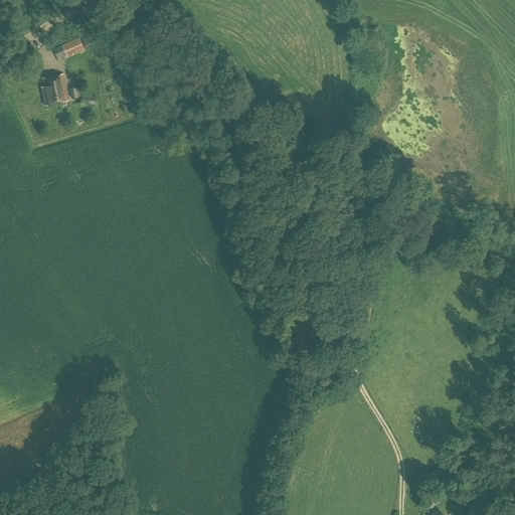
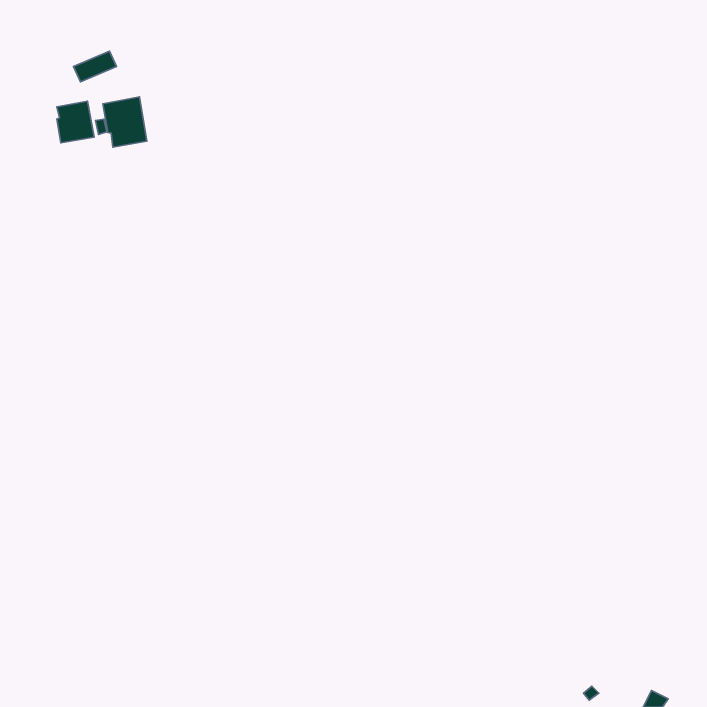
building: none -> [103,97,147,147]

